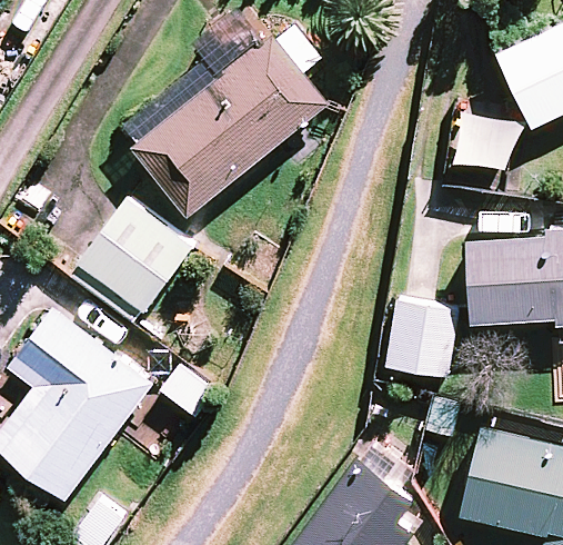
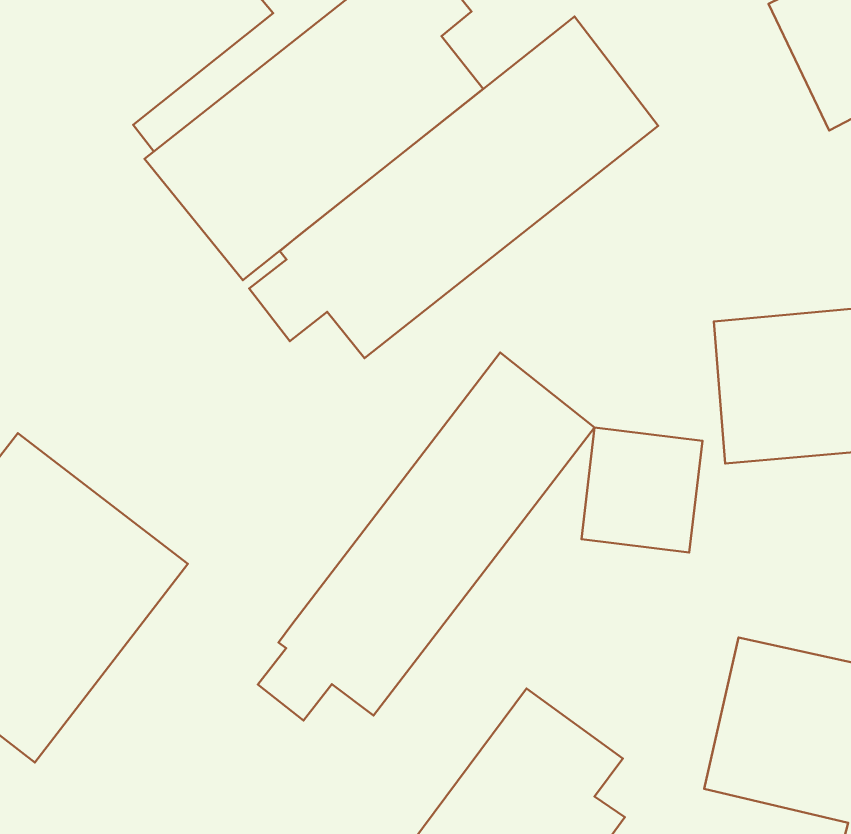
building: none -> [249,17,658,358]
building: [70,201,191,325] -> none
building: none -> [258,353,595,721]

